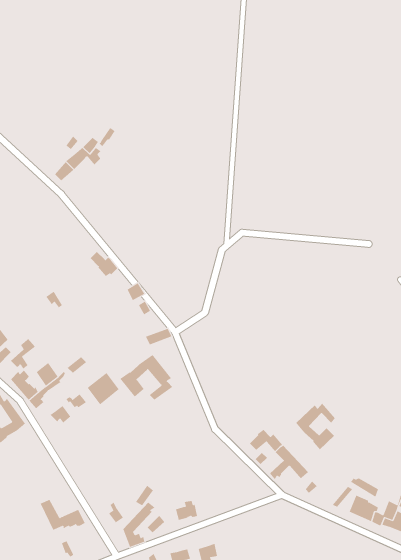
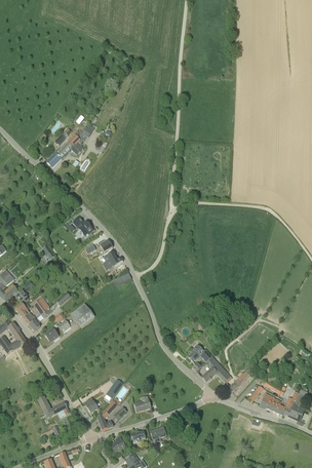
building: [120,354,173,401] -> none
building: [295,403,336,450] -> none

